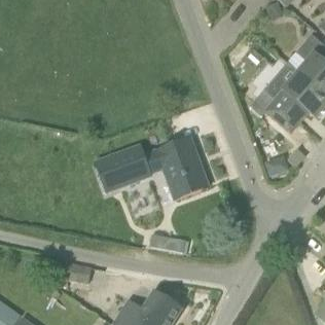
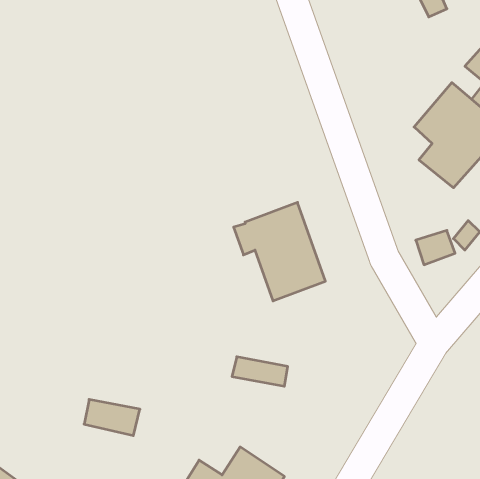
building: [96,145,156,190] -> none

